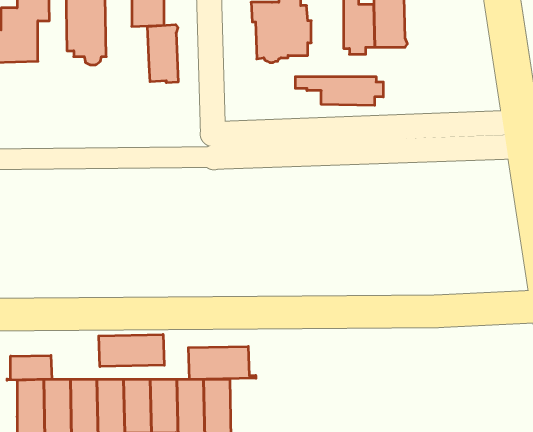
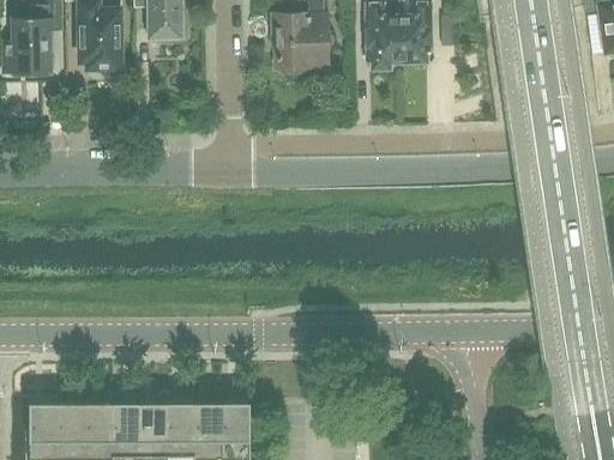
building: [148,25,178,83] -> none
building: [295,77,383,105] -> none
building: [99,334,164,367] -> none
building: [188,346,256,379] -> none
building: [7,355,52,380] -> none

